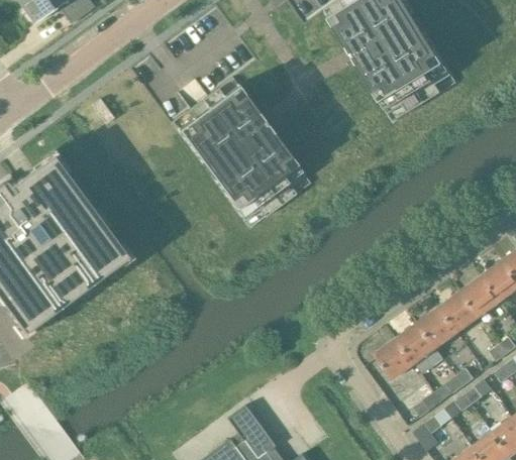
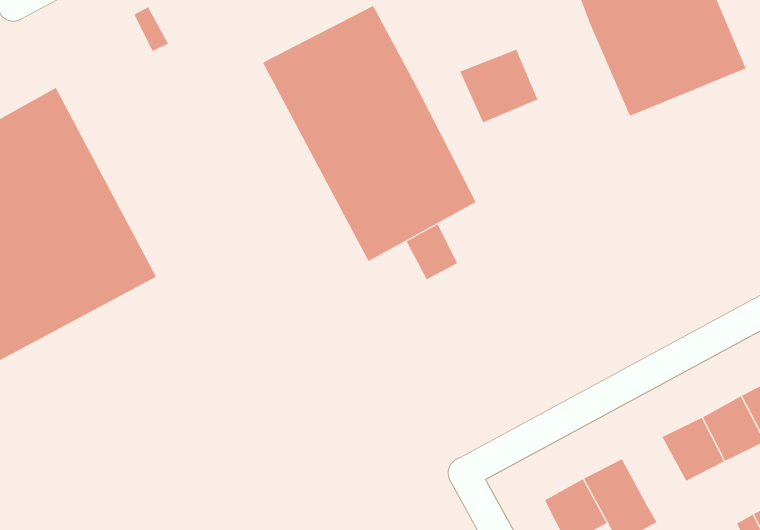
building: none -> [460,49,538,123]
building: none -> [406,223,458,280]
building: [418,307,457,347] -> none

